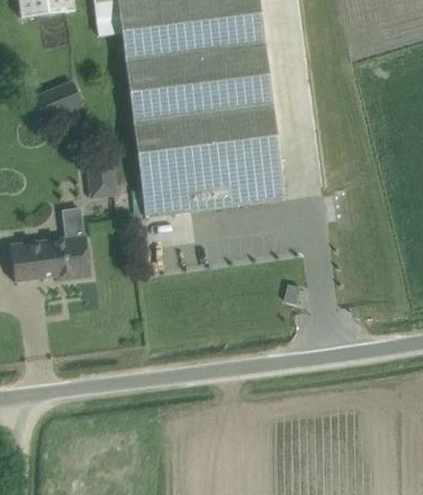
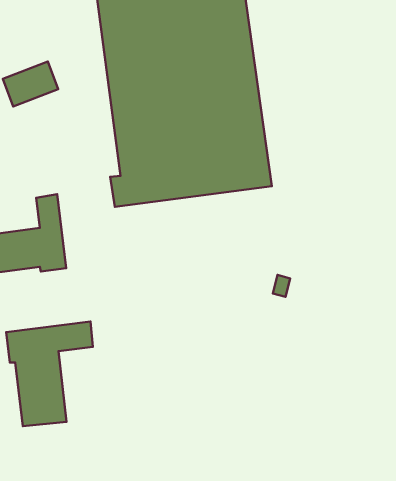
building: [87,156,114,196] -> none
building: none -> [6,322,93,426]

